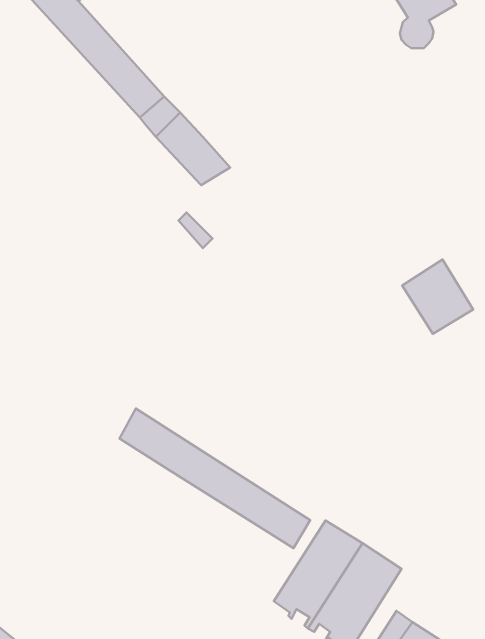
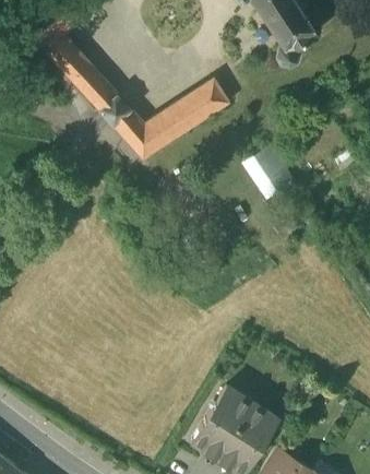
building: none -> [144,81,228,146]
building: [402,260,473,334] -> [243,145,291,195]
building: [120,409,310,548] -> none

